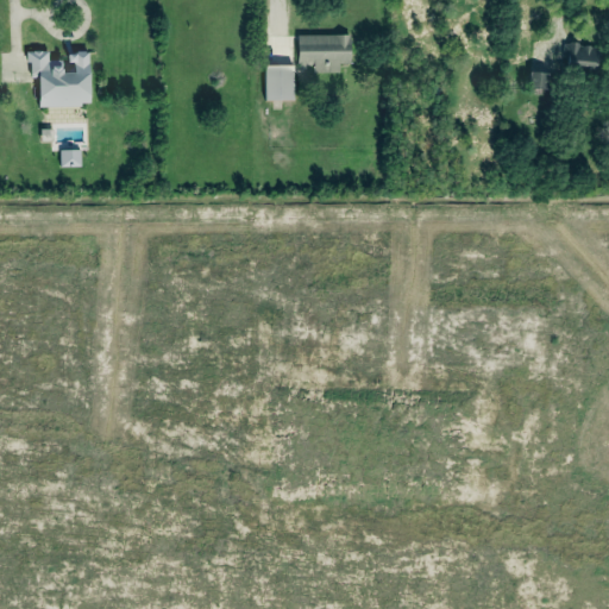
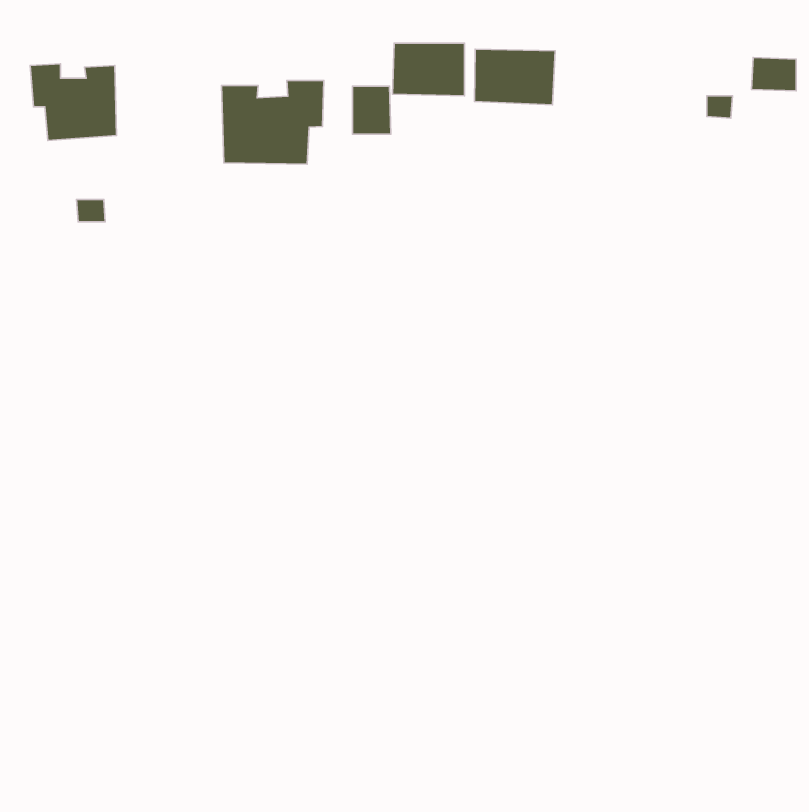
building: none -> [475,49,555,105]
building: none -> [221,80,324,164]

